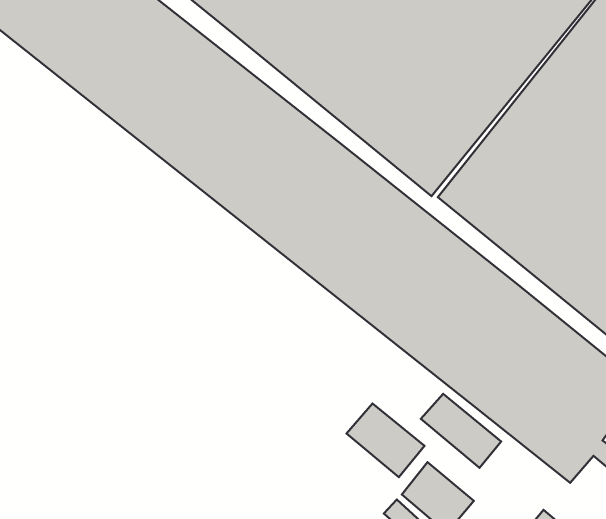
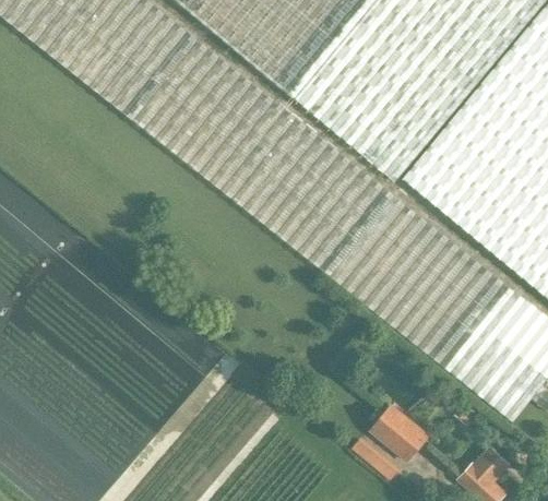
building: [421,394,501,468] -> none
building: [347,404,425,477] -> none

